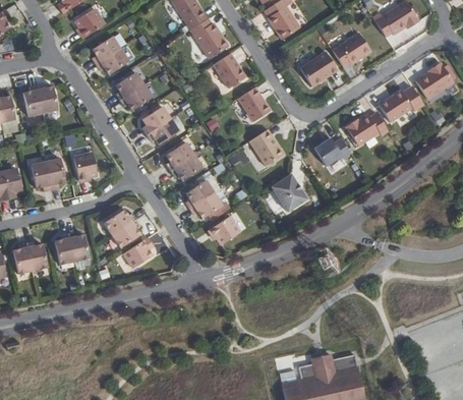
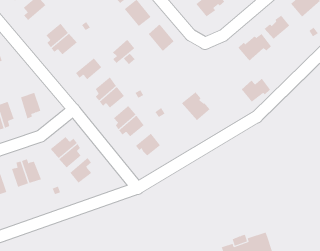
building: [95,48,127,73] -> none
building: [140,106,170,134] -> [112,39,135,64]
building: [249,128,284,166] -> none
building: [313,137,350,166] -> [241,78,271,103]

